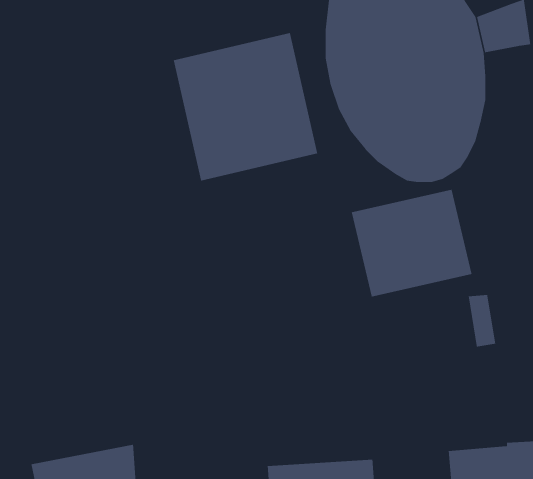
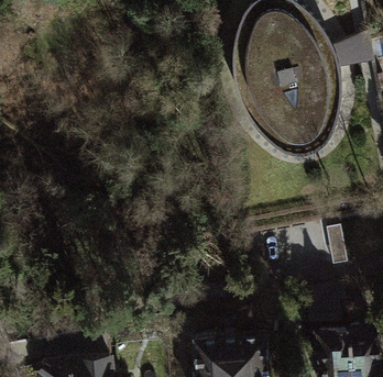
building: [173,32,318,182] -> none
building: [351,189,473,297] -> none

